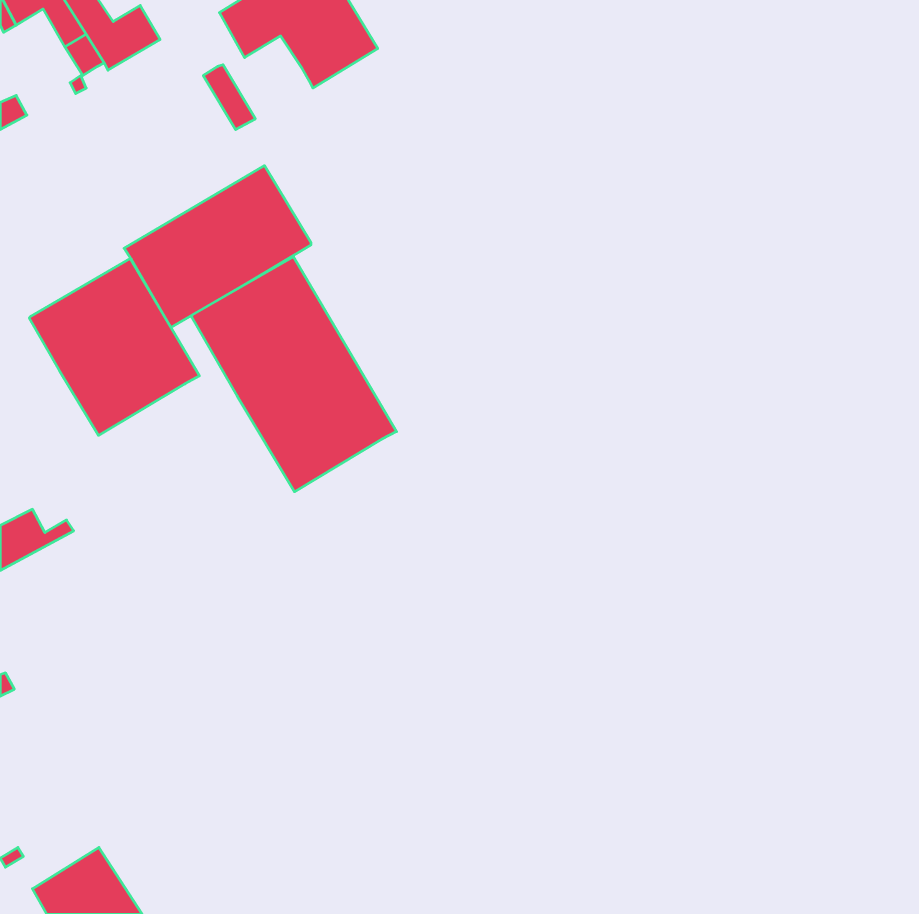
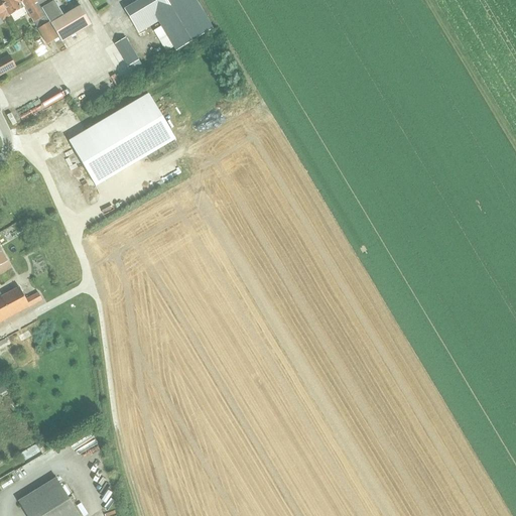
building: [191,257,397,492] -> none
building: [29,259,199,435] -> none

